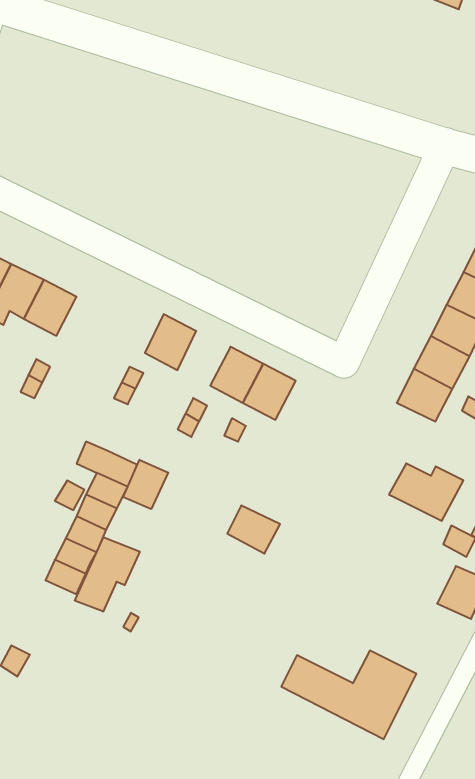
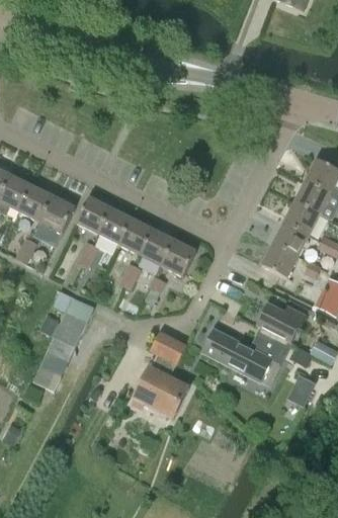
building: none -> [40,196,75,233]
building: none -> [77,196,110,233]
building: none -> [119,219,154,254]
building: [123,460,168,509] -> none
building: [75,537,140,612] -> none
building: none -> [134,366,189,417]
building: [281,651,416,739] -> [203,327,291,384]

